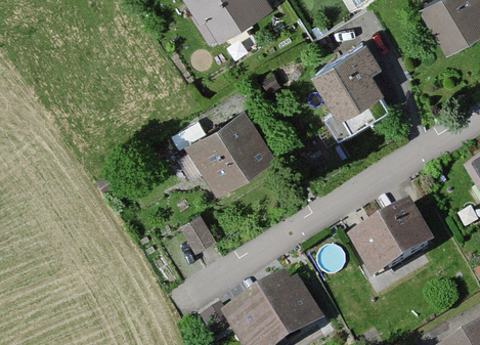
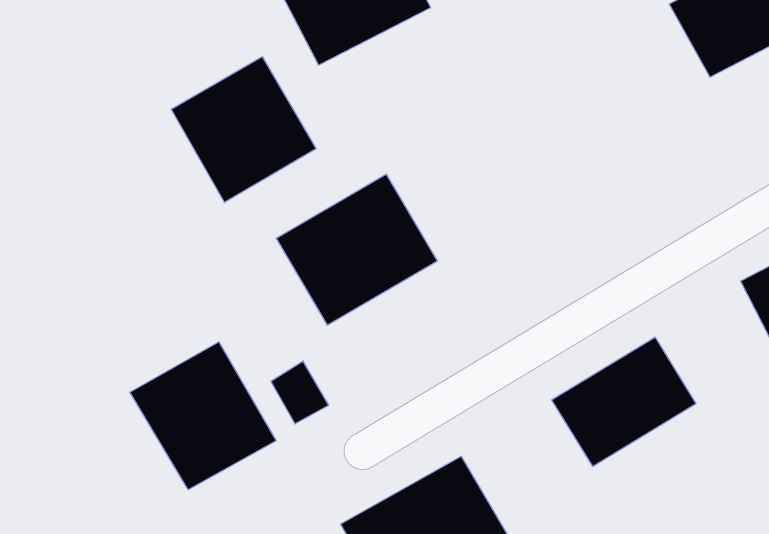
building: none -> [171,57,316,203]
building: [307,40,401,137] -> none
building: none -> [130,342,276,490]

